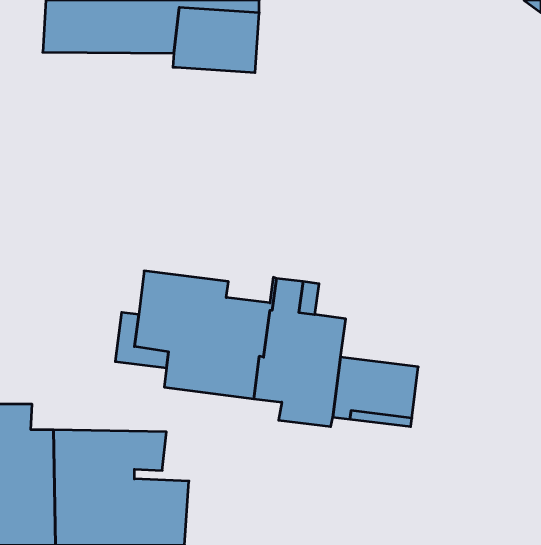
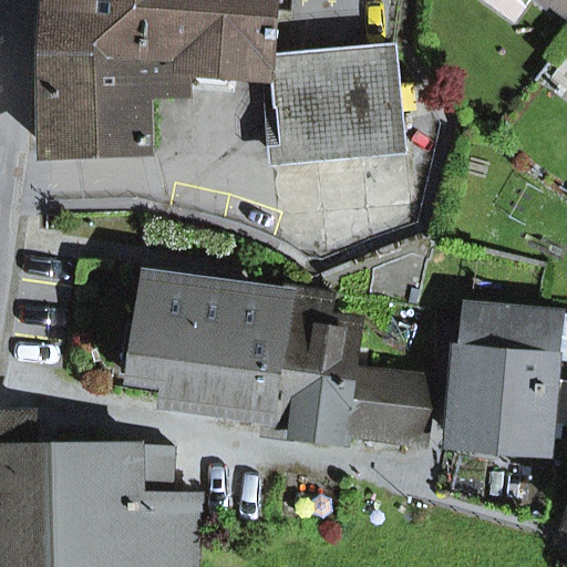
building: none -> [270,47,403,165]
building: none -> [45,54,183,153]
building: none -> [451,307,555,449]

